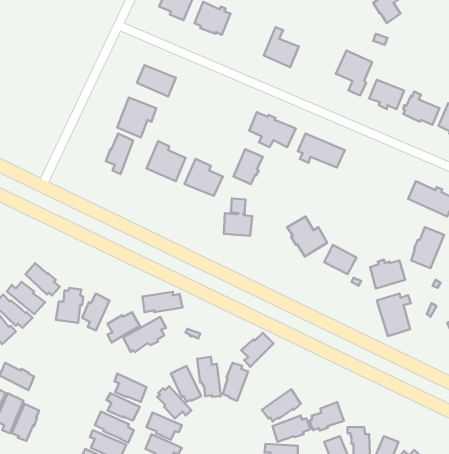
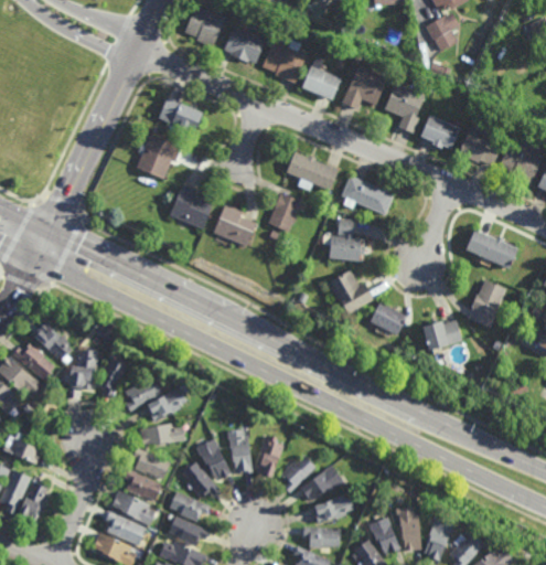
building: none -> [263,33,306,83]
building: none -> [342,64,387,109]
building: [106,134,133,174] -> none
building: [224,199,252,236] -> [329,218,361,260]
building: [142,292,182,312] -> [140,423,185,446]
building: [377,293,411,336] -> none
building: [241,333,274,367] -> [280,455,317,493]
building: [309,402,344,431] -> none

